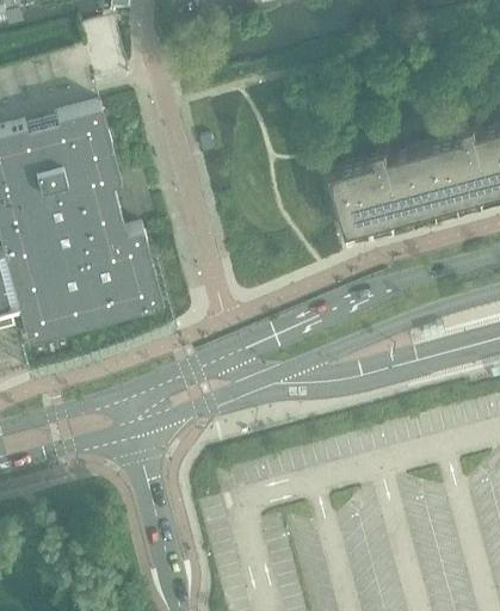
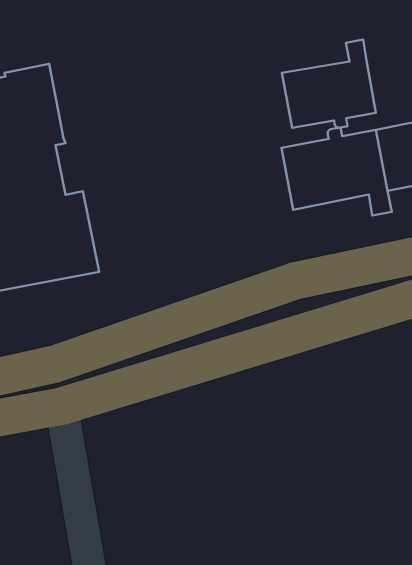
building: none -> [282,39,376,128]

